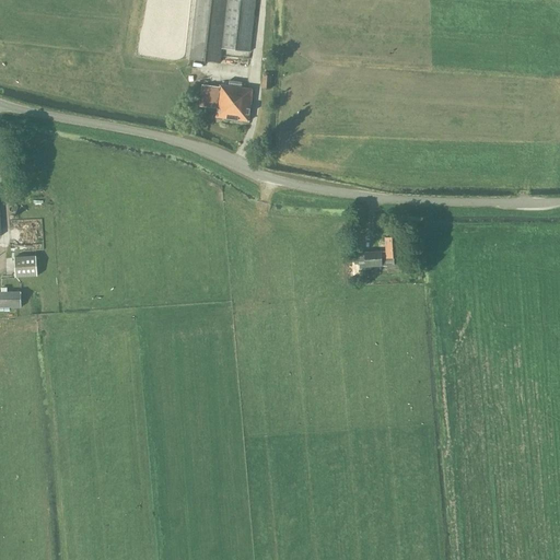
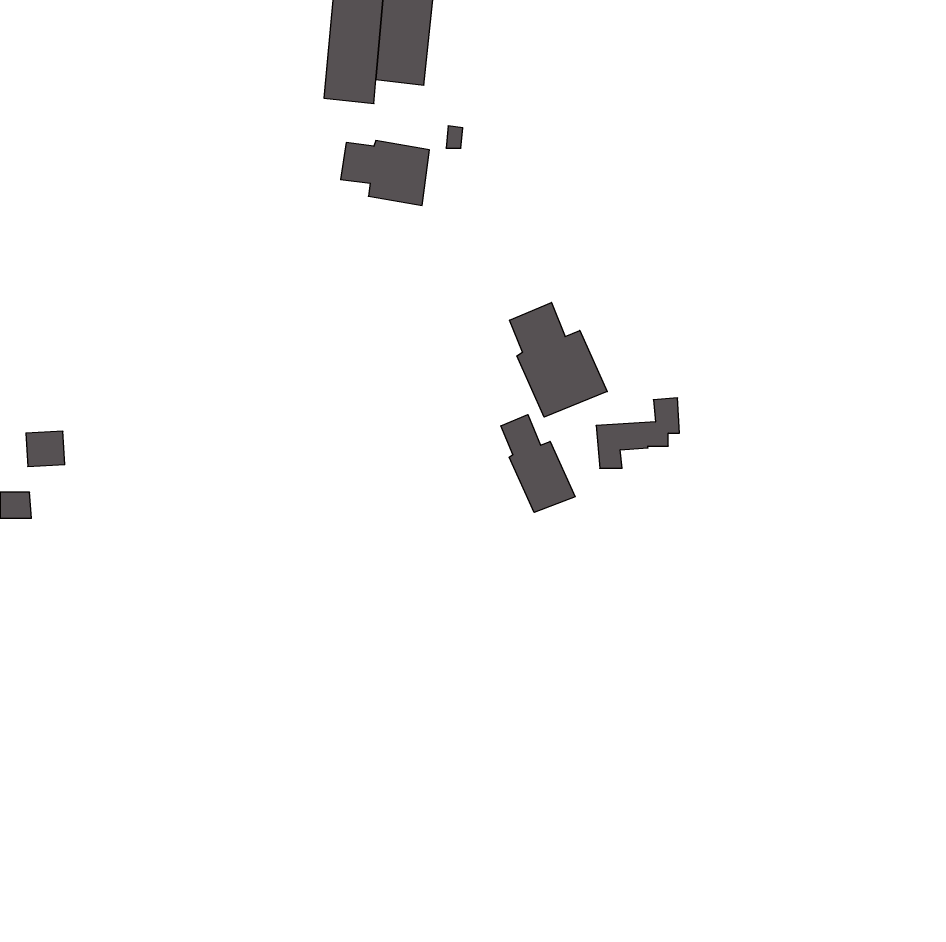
building: none -> [510,302,607,417]
building: none -> [501,415,575,512]

